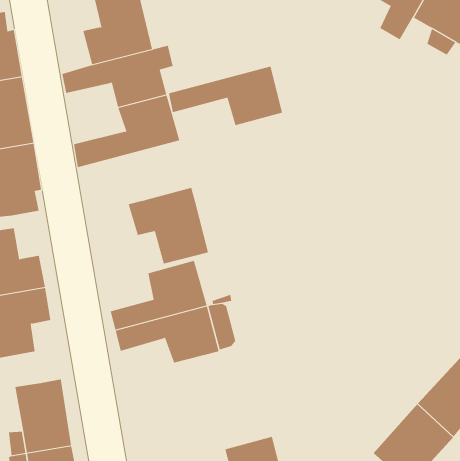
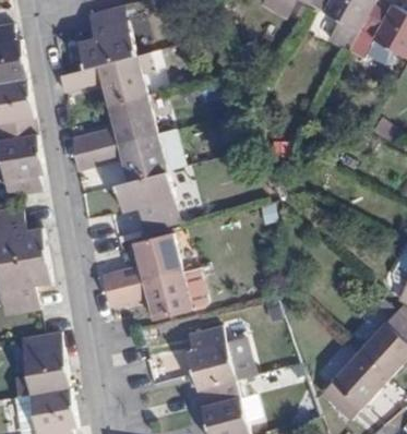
building: [168,66,283,126] -> [73,132,169,182]
building: none -> [188,325,253,390]

